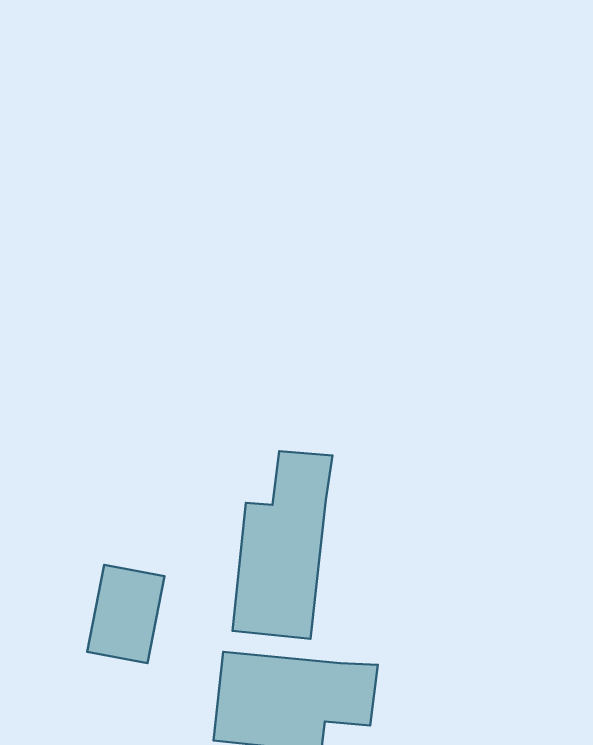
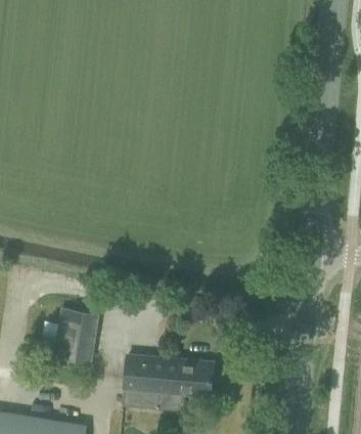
building: [232,451,332,639] -> none

